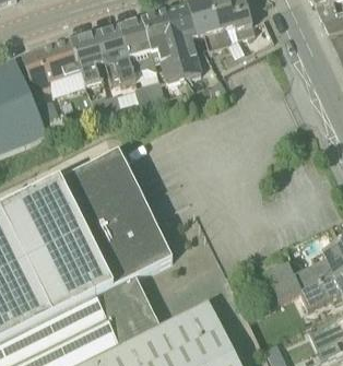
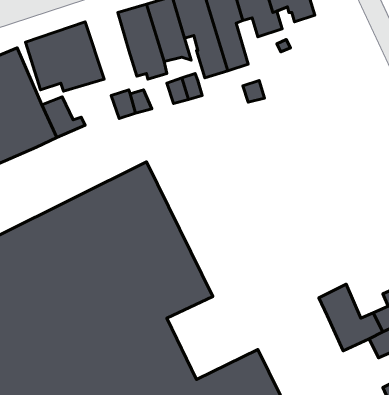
building: [70,31,105,84] -> none

